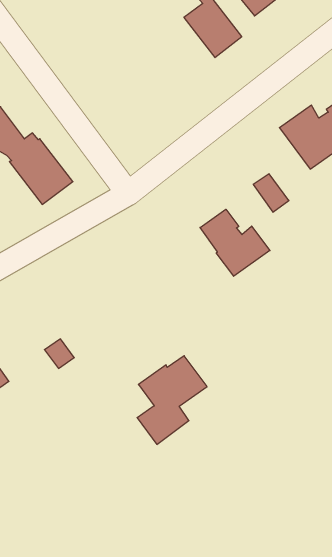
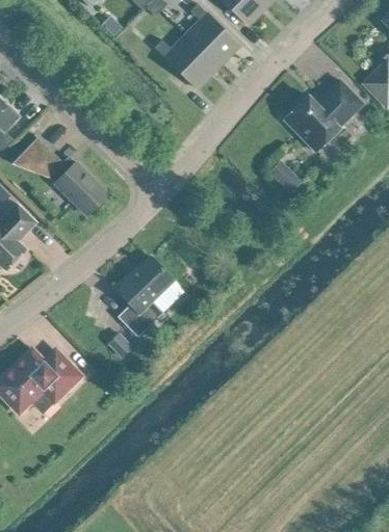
building: none -> [154,34,217,87]
building: [200,209,270,276] -> none
building: [137,356,207,444] -> [113,256,174,337]

